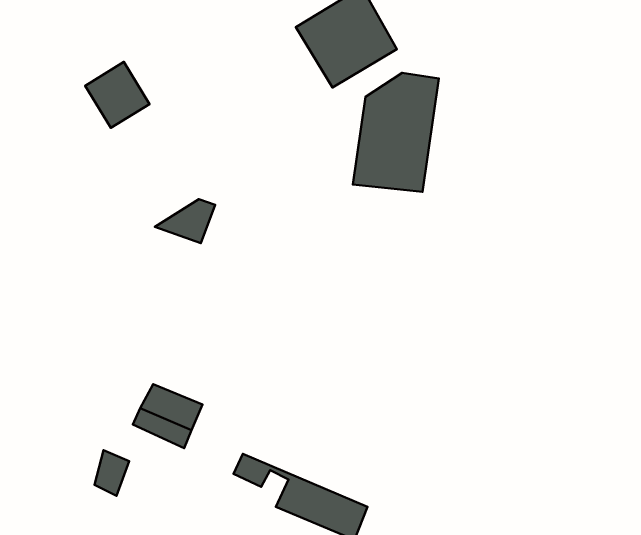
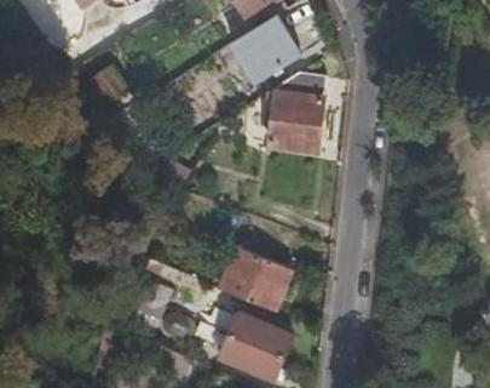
building: none -> [221,249,289,312]
building: none -> [196,314,287,360]

